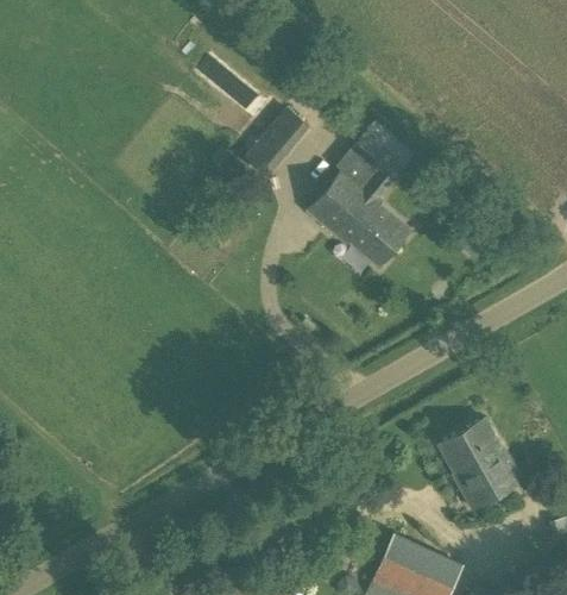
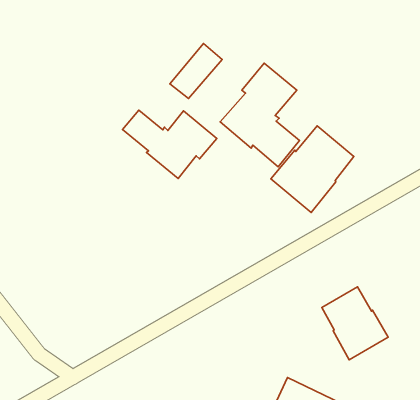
building: none -> [122,110,217,179]
building: none -> [271,126,354,212]

